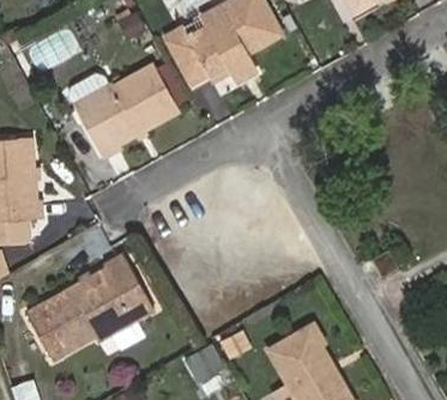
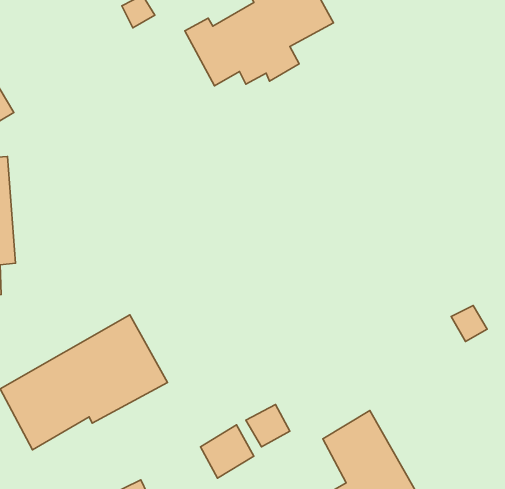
building: [68,61,189,154] -> none

